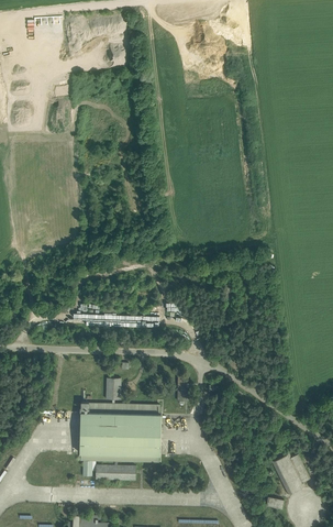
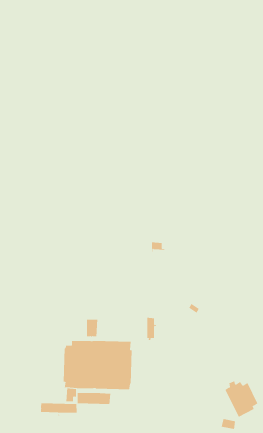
building: none -> [40,403,77,417]

